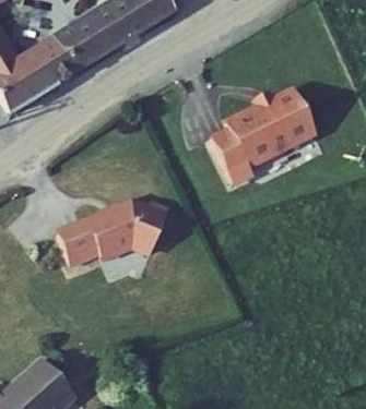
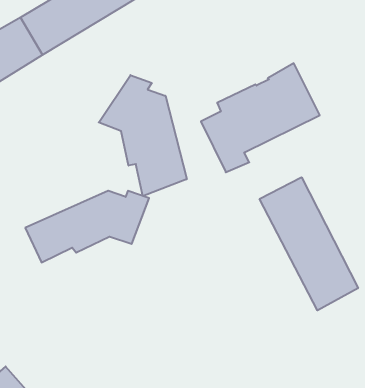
building: none -> [99,75,187,196]
building: none -> [260,177,358,310]

